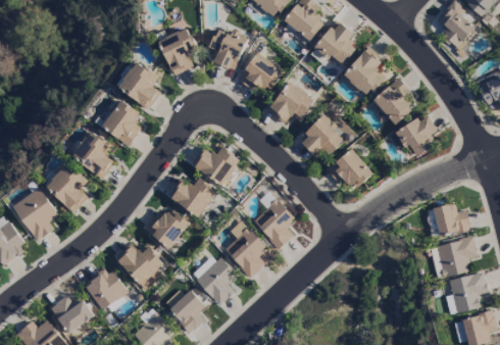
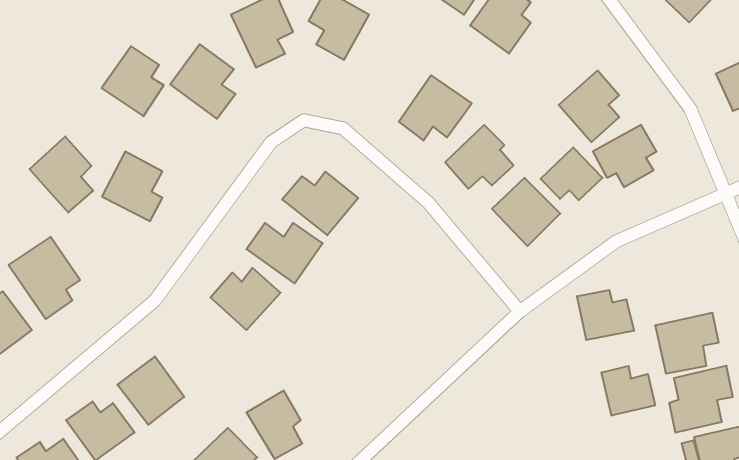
building: [343,47,385,96] -> none
building: [237,52,284,92] -> none
building: [101,100,142,146] -> [102,46,164,116]
building: none -> [541,147,603,200]
building: [46,163,88,213] -> [29,136,93,213]
building: [251,198,294,249] -> none
building: [433,203,470,236] -> [577,290,634,340]
building: [223,227,266,278] -> none
building: [114,243,164,290] -> none
building: [195,254,236,306] -> none
building: none -> [601,366,655,416]

